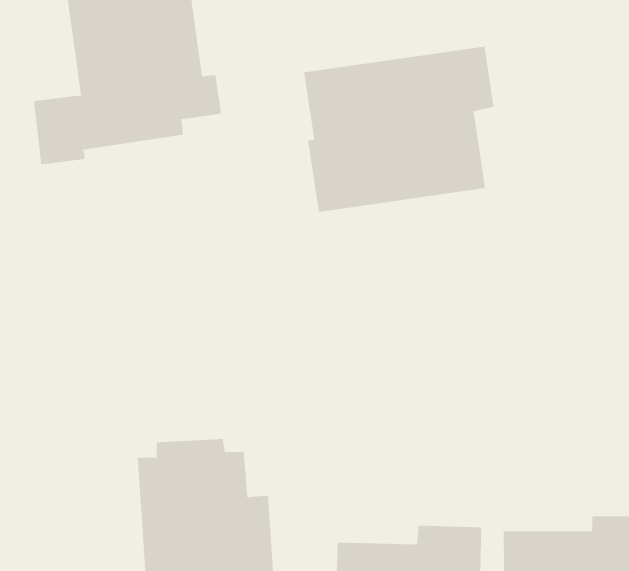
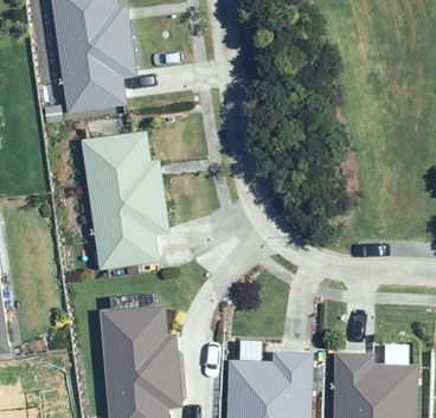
building: [304,46,494,213] -> none
building: none -> [78,127,171,275]

